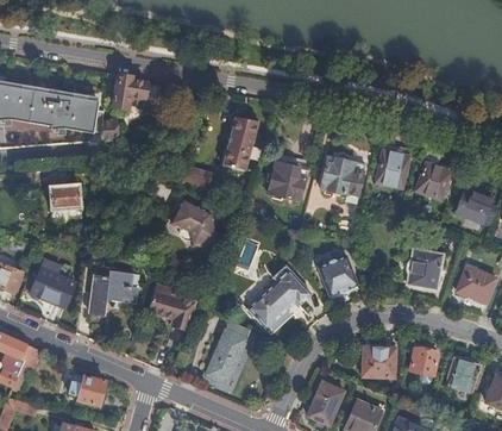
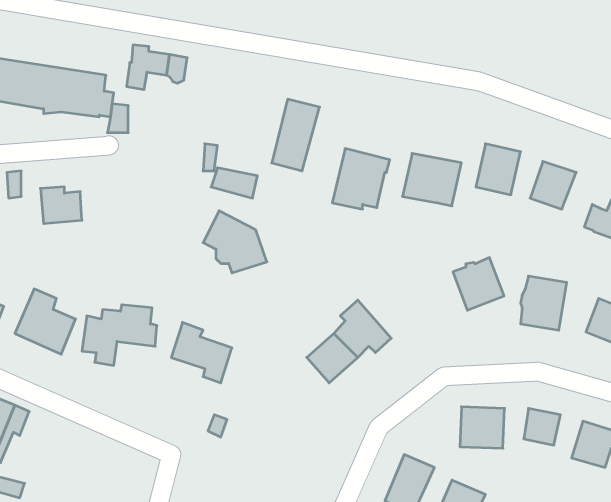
building: [319,256,357,295] -> [453,258,504,310]
building: [209,321,253,386] -> none
building: [69,371,106,405] -> none

